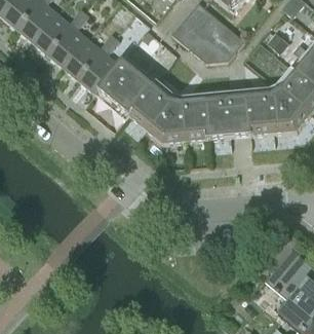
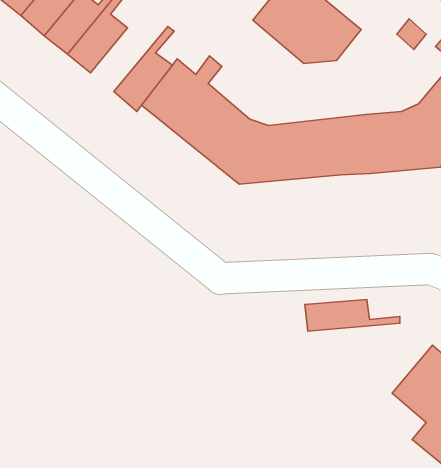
building: [64,33,115,80] -> none
building: none -> [305,300,400,331]

